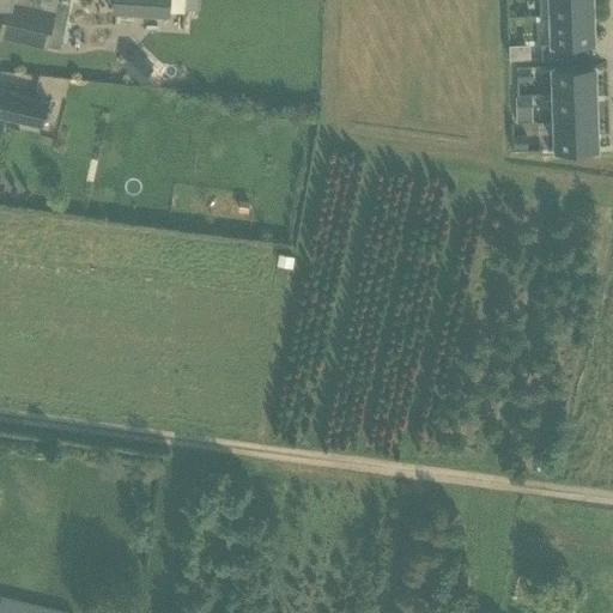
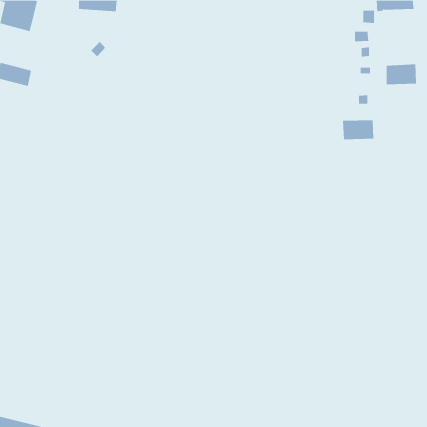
building: [547,16,593,45] -> none
building: [550,66,594,96] -> none
building: [551,122,596,151] -> [342,120,374,140]

